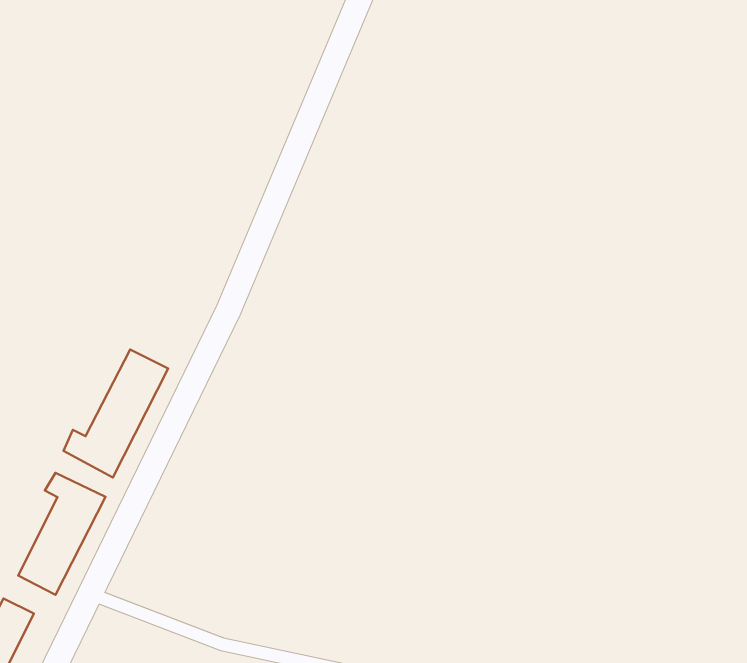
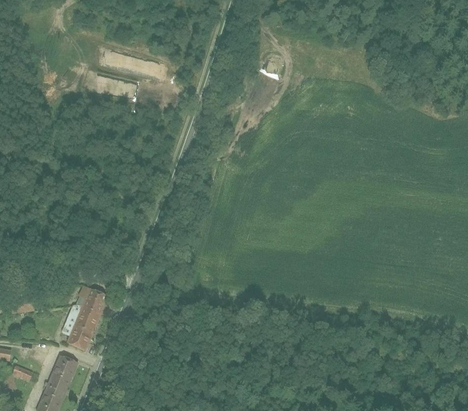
building: [64,350,168,477] -> none

